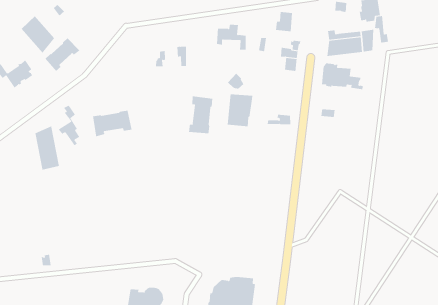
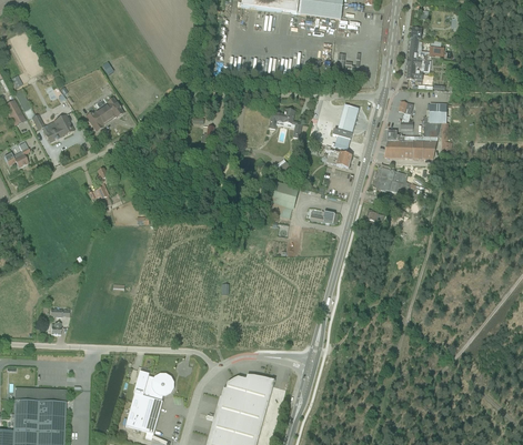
building: [21,16,55,54] -> none
building: [189,96,213,134] -> none
building: [93,110,132,137] -> none
building: [35,125,59,170] -> none

